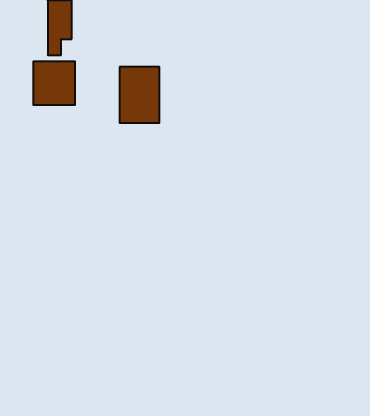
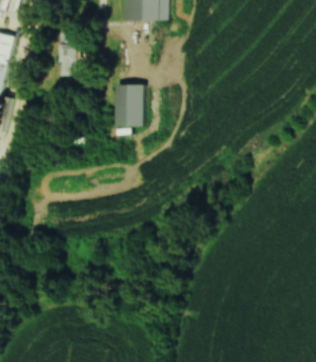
building: [33,61,75,105] -> none

